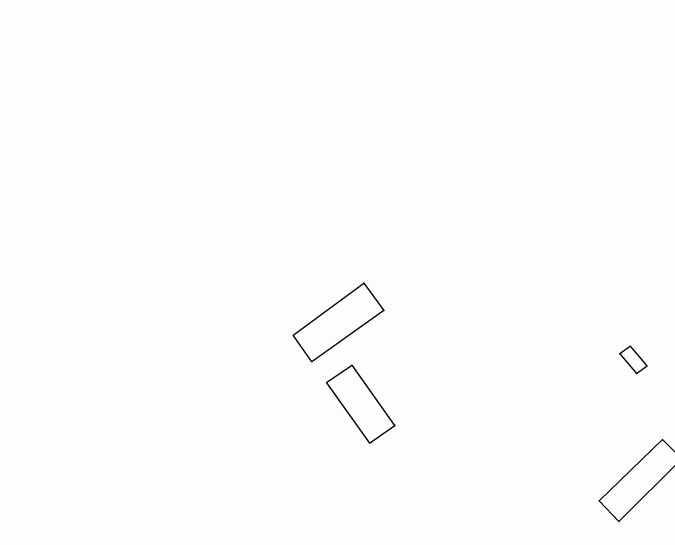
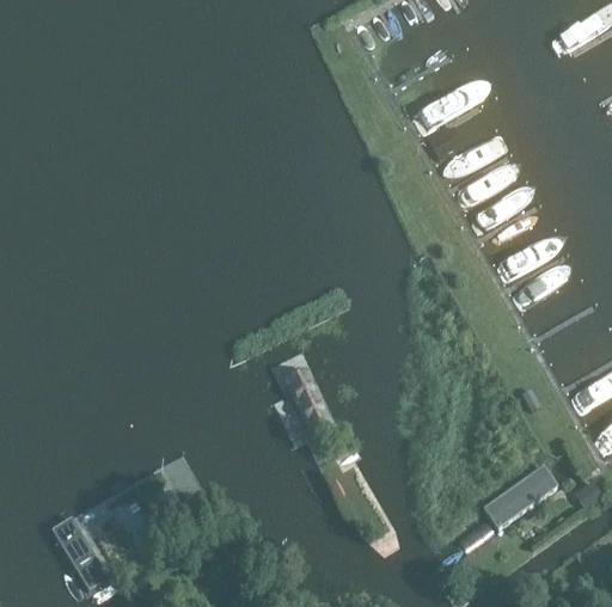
building: [293,283,384,362] -> none

